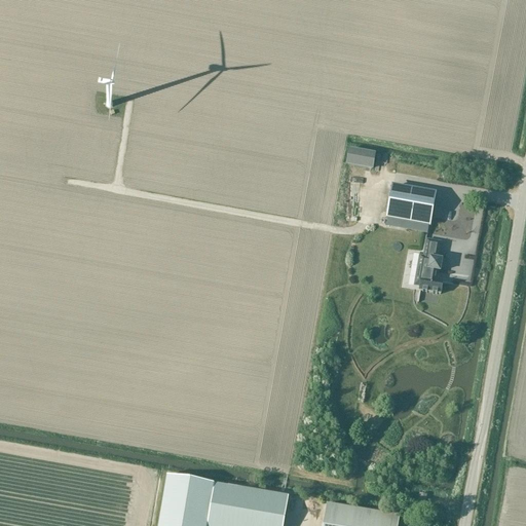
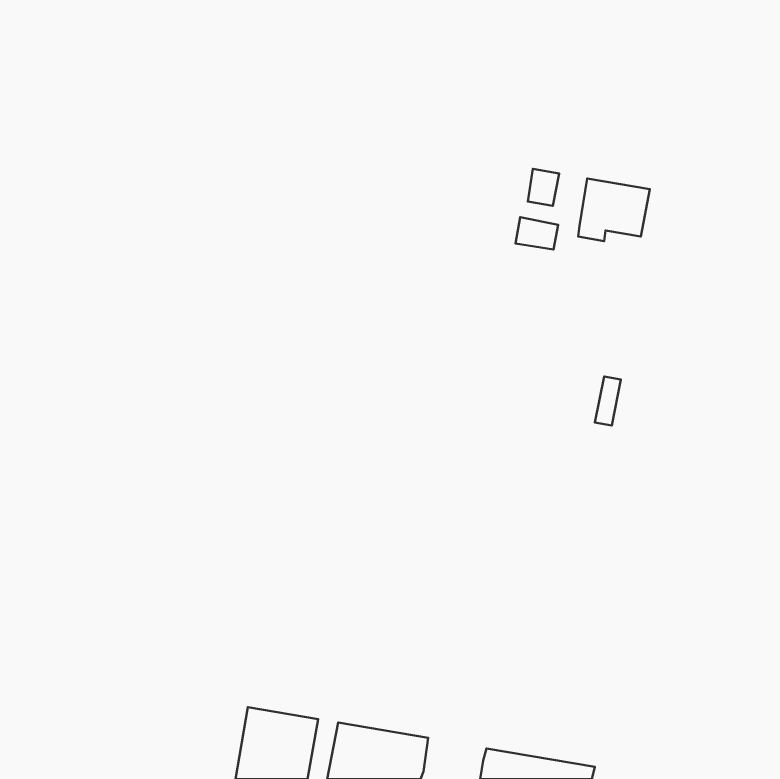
building: none -> [528,169,559,206]
building: [387,185,436,227] -> [578,178,650,241]
building: [416,238,454,301] -> none

